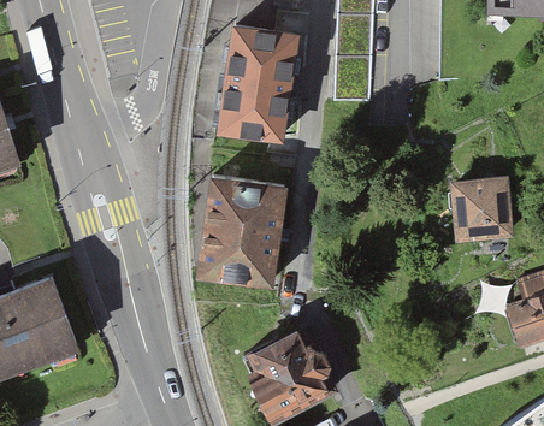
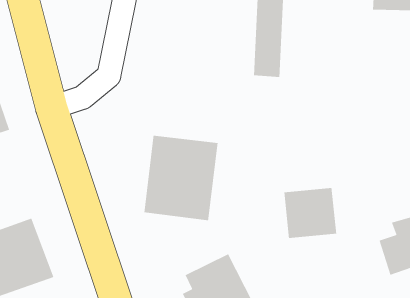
building: [215,13,302,130] -> none
building: [438,177,507,243] -> [284,187,337,239]

